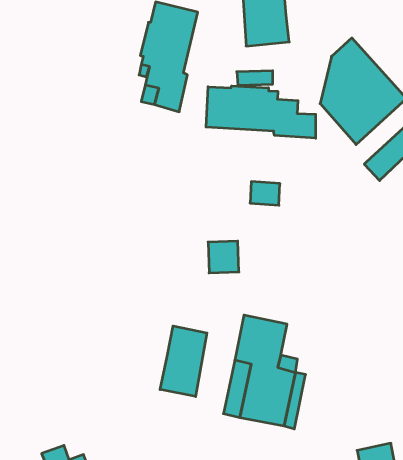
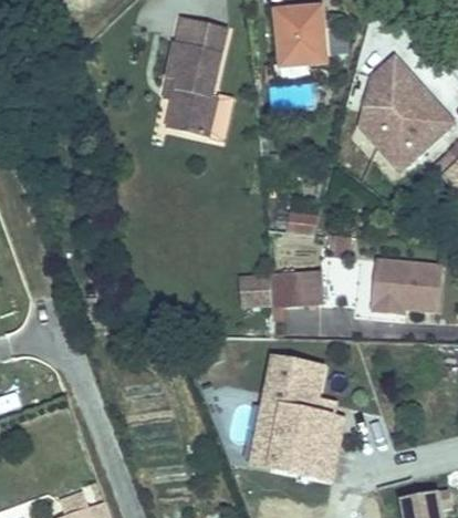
building: [206,86,316,138] -> none
building: none -> [374,259,441,311]
building: none -> [272,270,321,304]
building: [160,326,207,397] -> none

